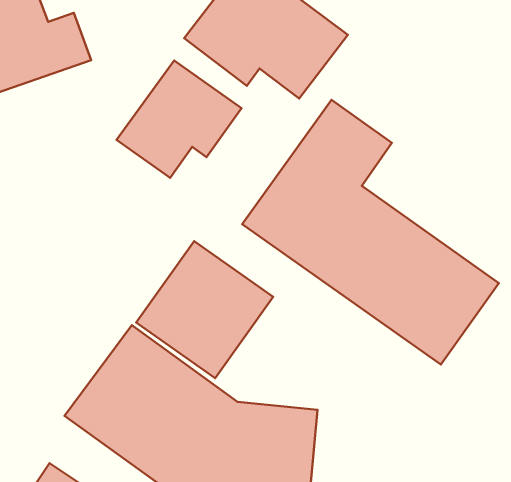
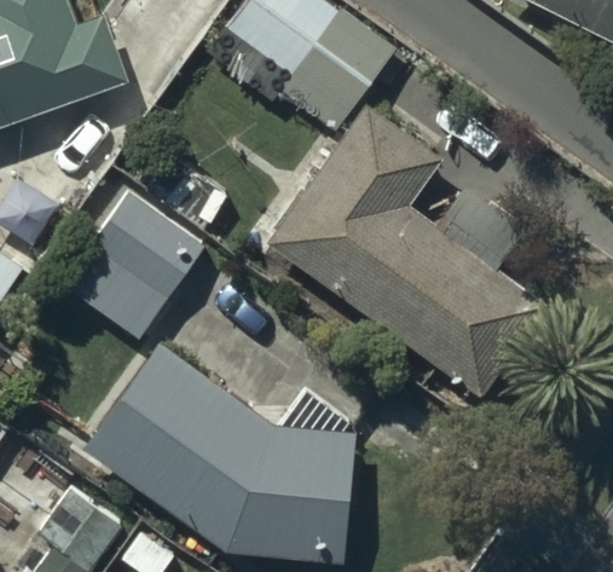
building: [117,60,242,178] -> none
building: [136,241,273,378] -> [54,193,197,336]

